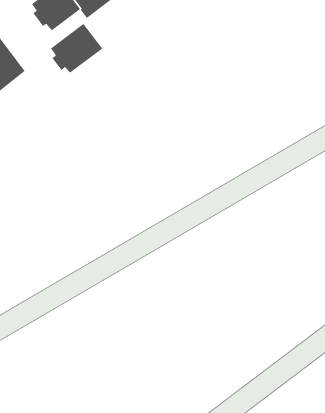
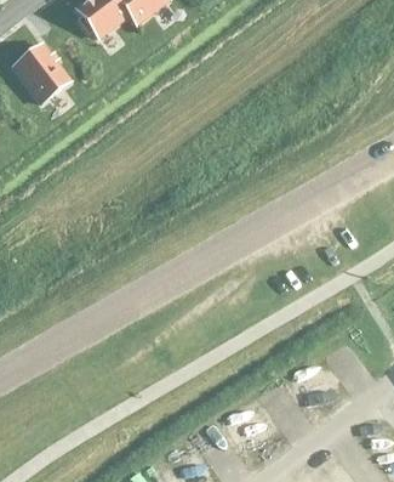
building: [50,23,103,74] -> none

